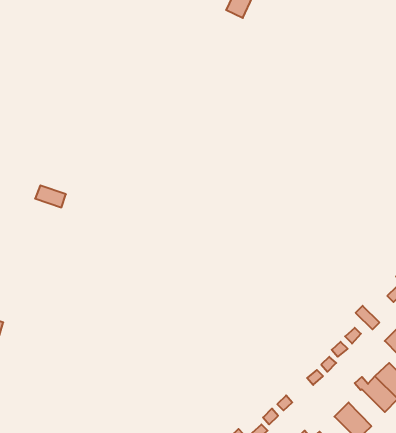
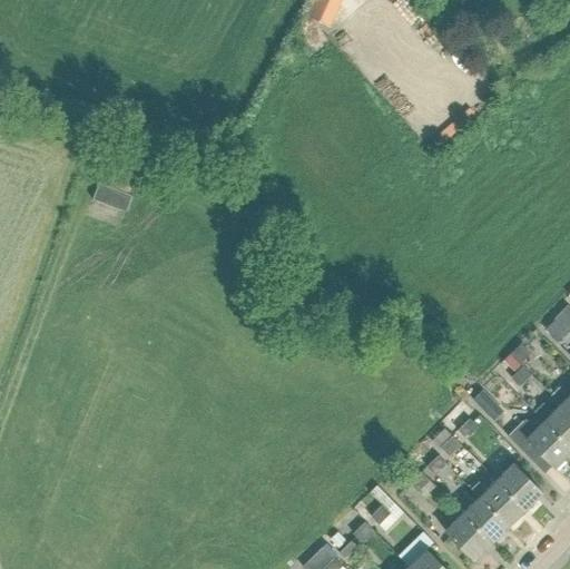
building: [35,185,66,207] -> [92,183,131,210]
building: none -> [463,497,509,543]

